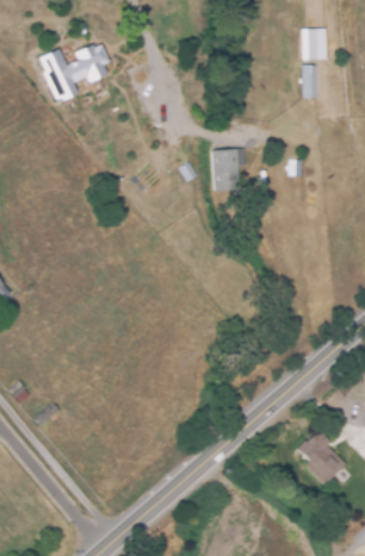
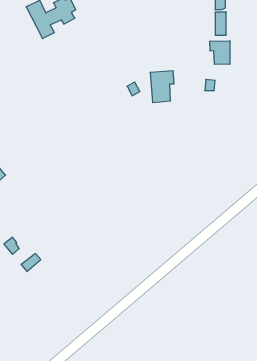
building: none -> [210,41,230,64]
building: [297,431,347,486] -> none

